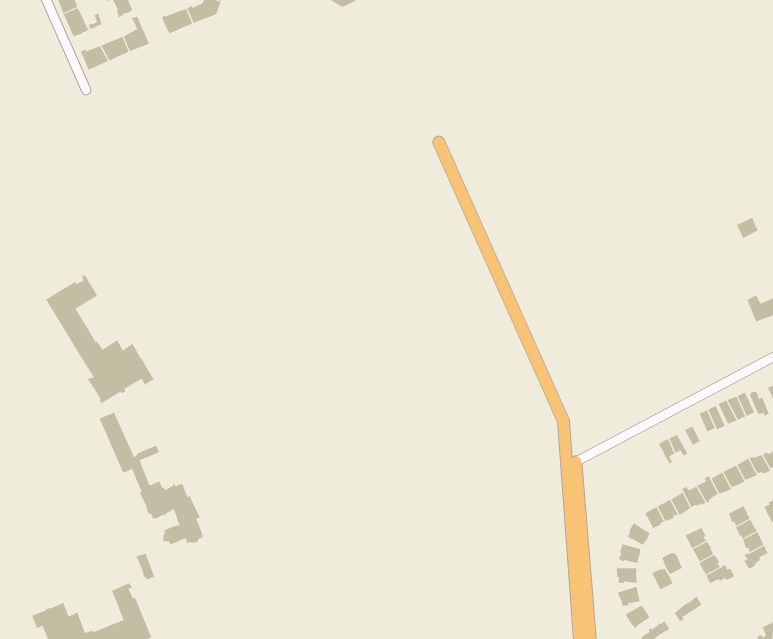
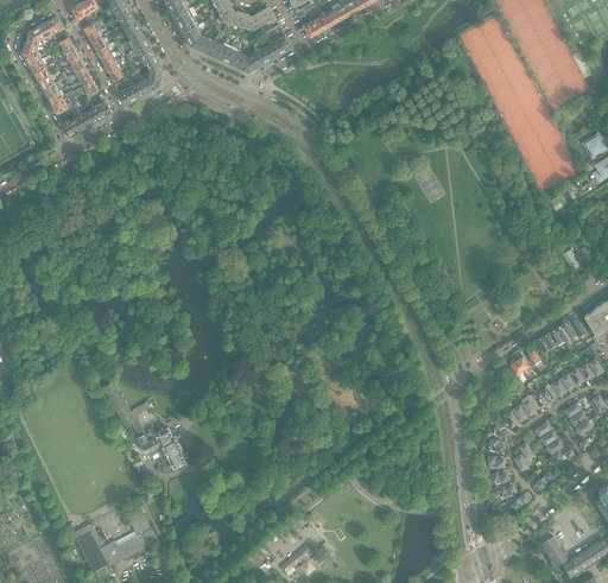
building: [45,275,154,404] -> none

